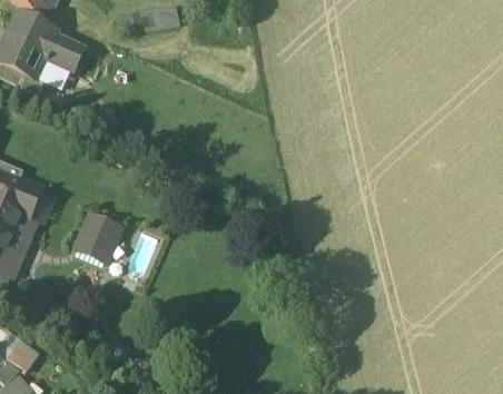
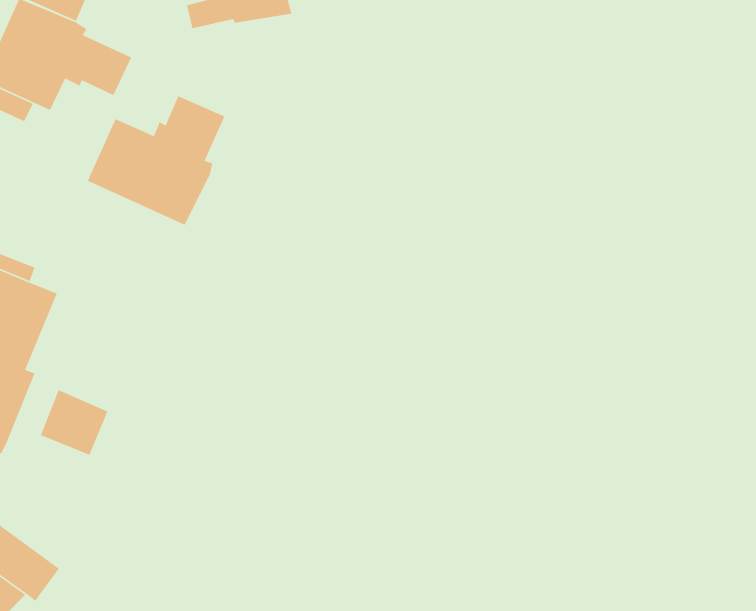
building: none -> [87,95,225,226]
building: [78,216,119,256] -> [40,389,108,456]

